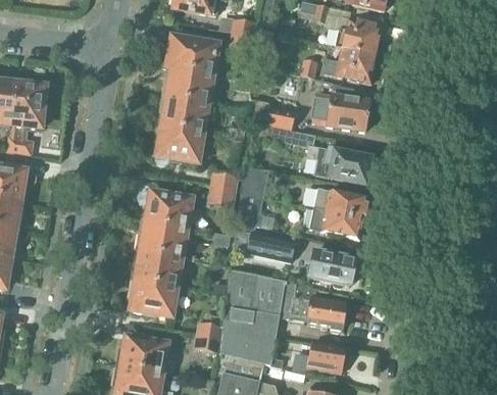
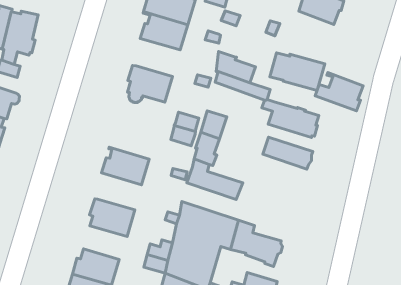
building: [324,44,376,83] -> [315,73,363,111]
building: [157,95,208,133] -> none
building: [139,191,193,228] -> none
building: [309,207,364,238] -> none
building: [134,249,183,286] -> none
building: [309,249,356,285] -> none

